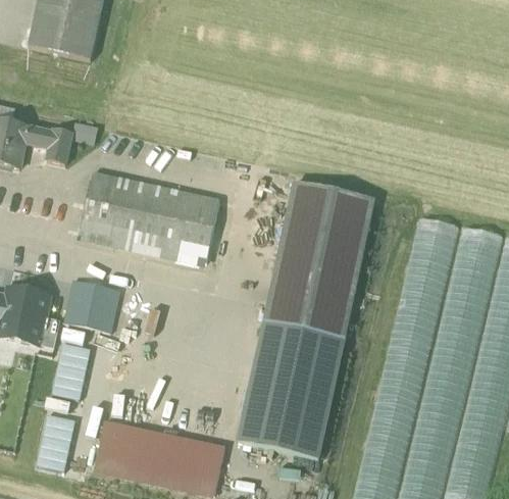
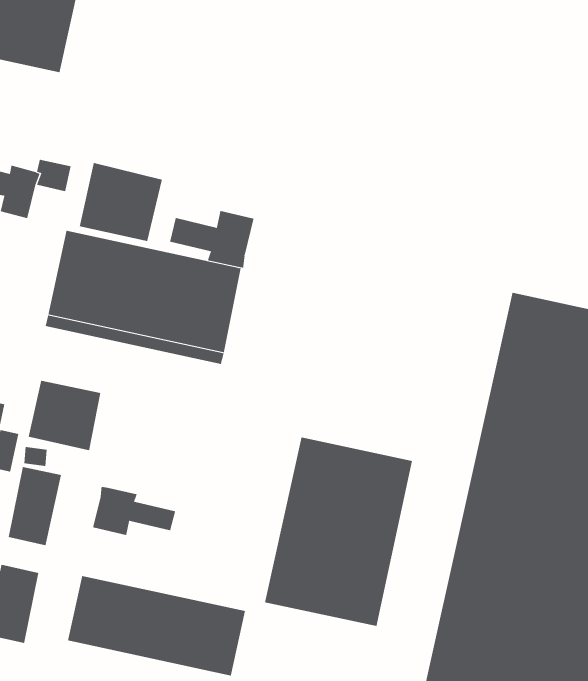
building: none -> [79,162,162,242]
building: none -> [169,210,254,268]
building: [263,182,374,339] -> none
building: none -> [92,486,176,536]

